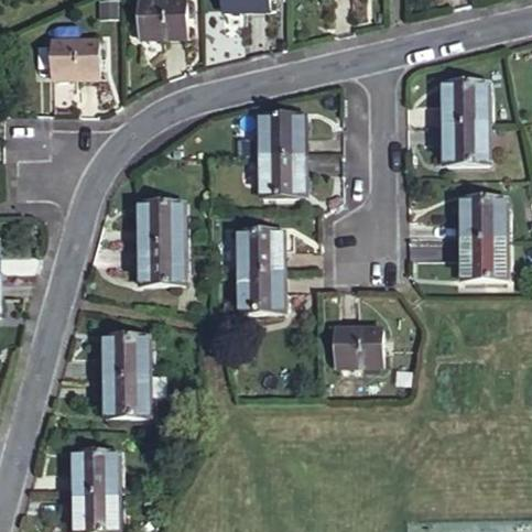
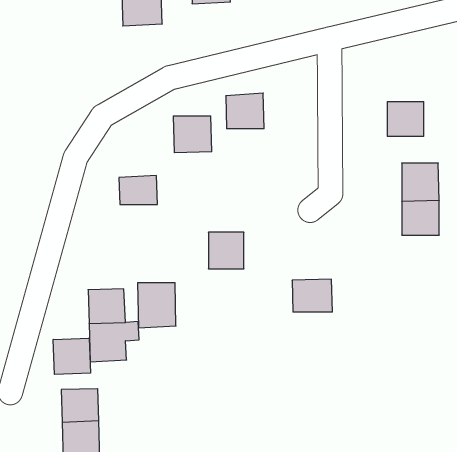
building: [52,39,98,75] -> none
building: [444,78,486,121] -> none
building: [260,152,304,194] -> [173,116,212,153]
building: [239,228,280,271] -> none
building: [138,239,182,291] -> [138,283,176,328]
building: none -> [53,338,90,374]

